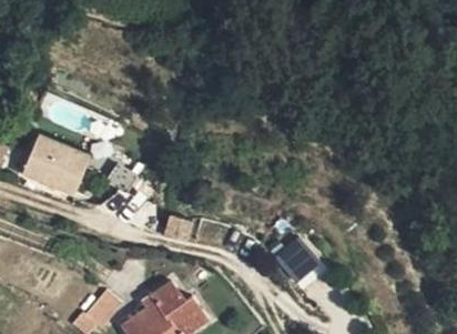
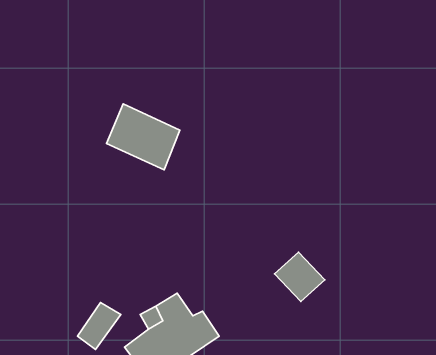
building: [22,136,90,198] -> [106,104,180,170]

